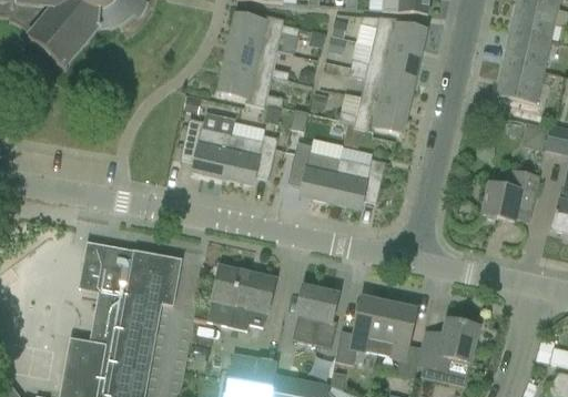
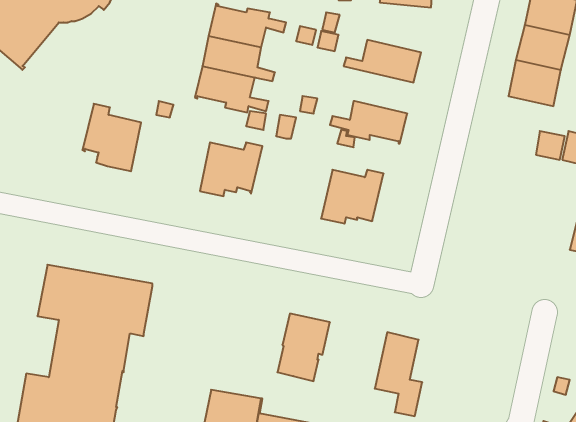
building: [361,16,426,54] -> none
building: [348,67,413,109] -> none
building: [180,118,232,177] -> [82,104,141,171]
building: [288,142,341,202] -> none
building: [483,171,538,221] -> none
building: [207,266,275,329] -> none
building: [335,297,389,365] -> none
building: [418,318,479,370] -> none

